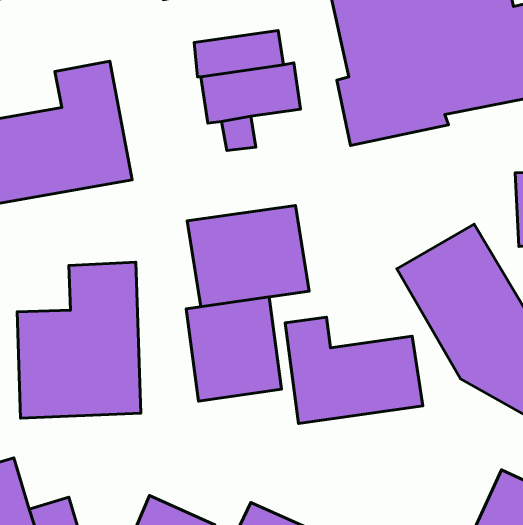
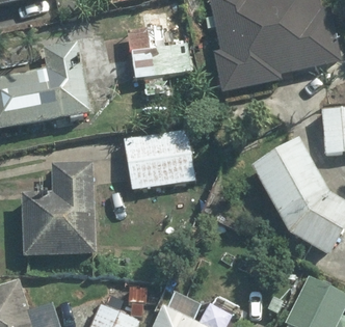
building: [186,297,281,401] -> none
building: [285,317,423,423] -> none

